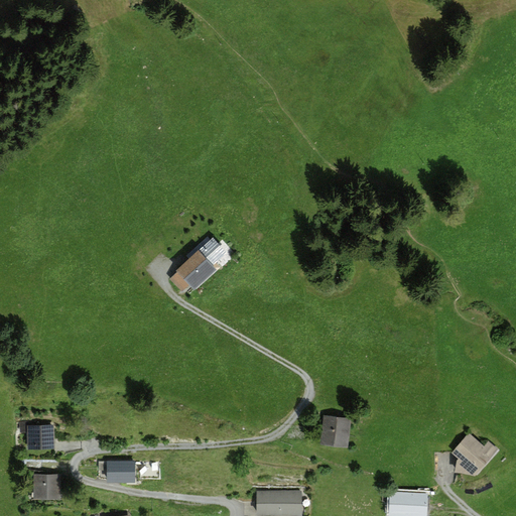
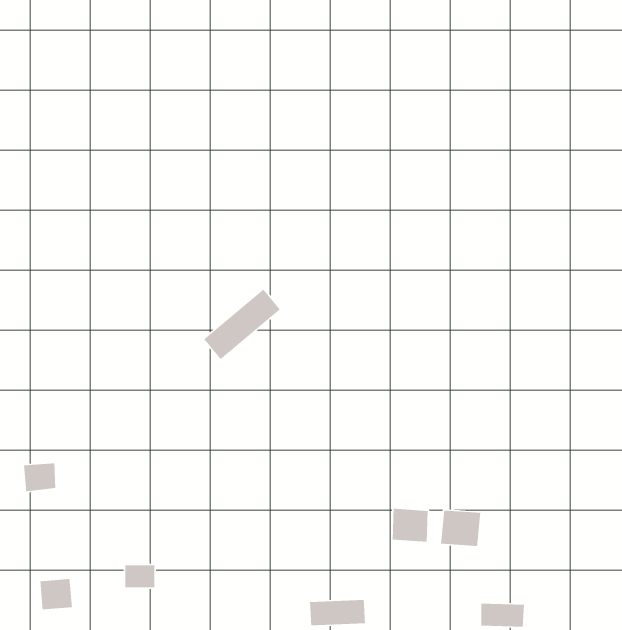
building: none -> [440,510,481,547]
building: [25,423,52,447] -> [23,462,56,492]
building: [454,435,498,476] -> none

